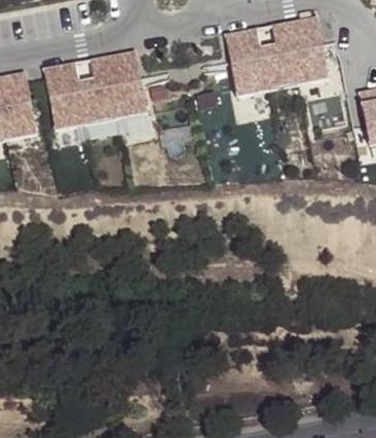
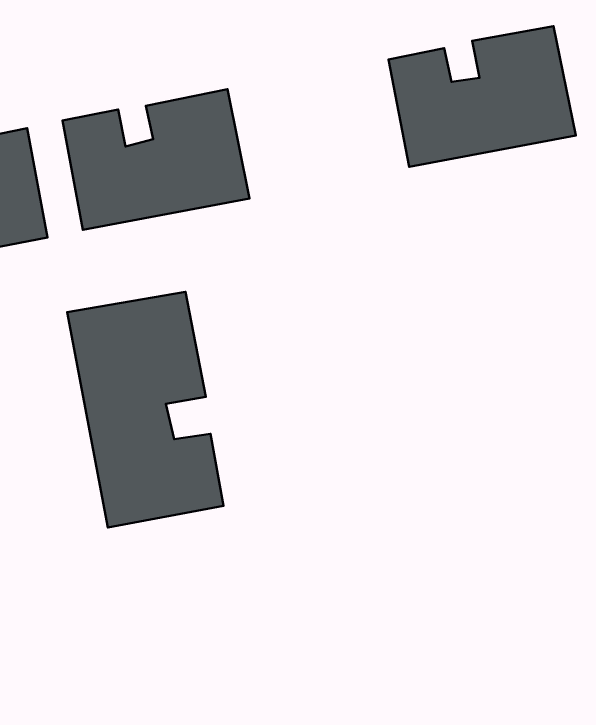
building: none -> [67,292,224,528]

